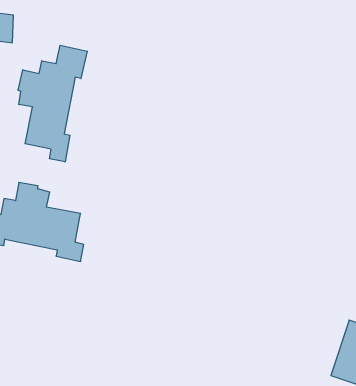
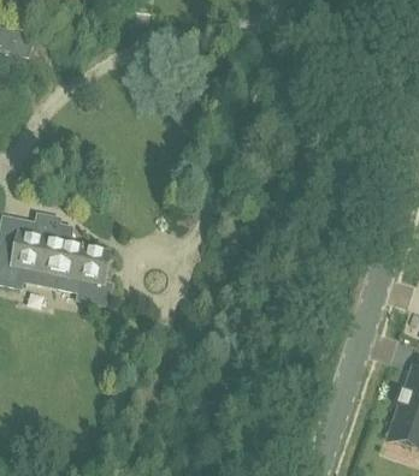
building: [18,45,87,162] -> none

